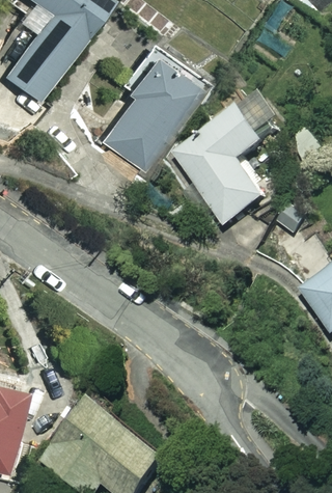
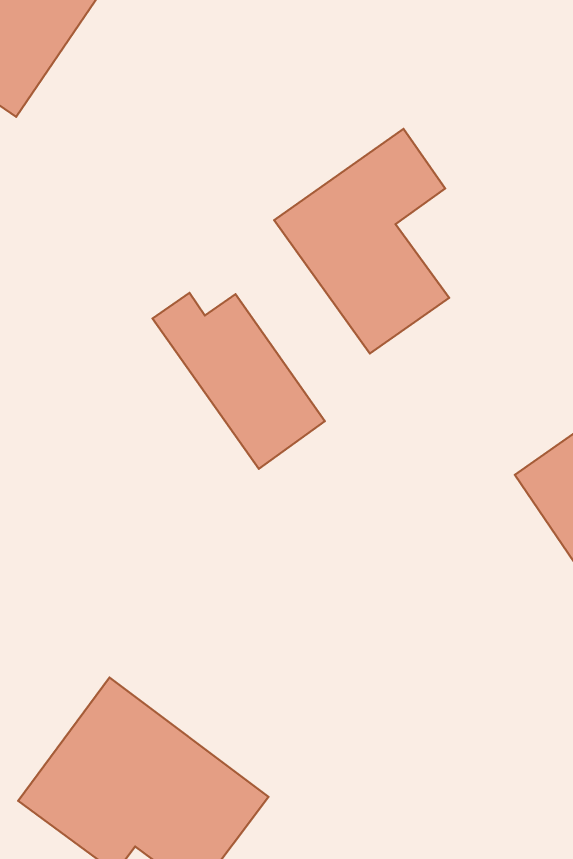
building: [98,49,194,166] -> none
building: none -> [152,293,325,469]

